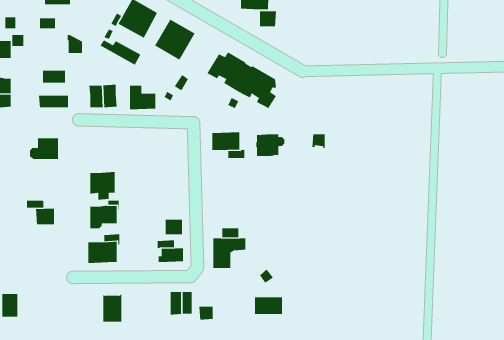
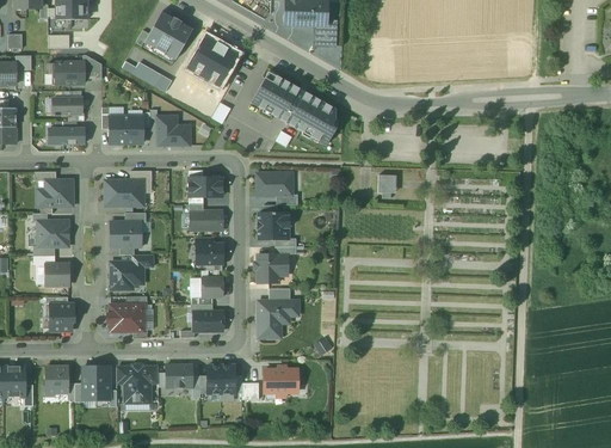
building: none -> [55,62,84,84]
building: [255,134,285,156] -> [257,211,292,239]
building: none -> [189,177,222,196]
building: none -> [105,179,143,205]
building: none -> [190,210,222,229]
building: none -> [37,220,68,246]
building: none -> [196,244,222,263]
building: none -> [258,253,288,282]
building: none -> [50,303,74,330]
building: none -> [165,364,192,386]
building: none -> [43,366,68,395]
building: none -> [82,366,109,401]
building: [254,297,283,315] -> [264,369,298,391]

